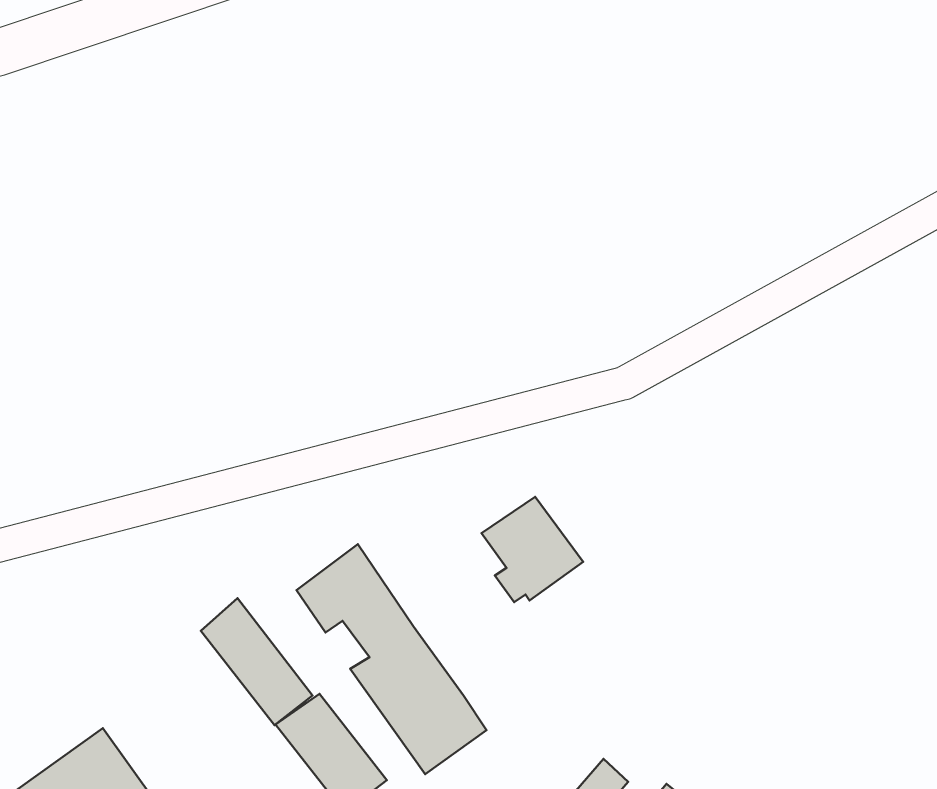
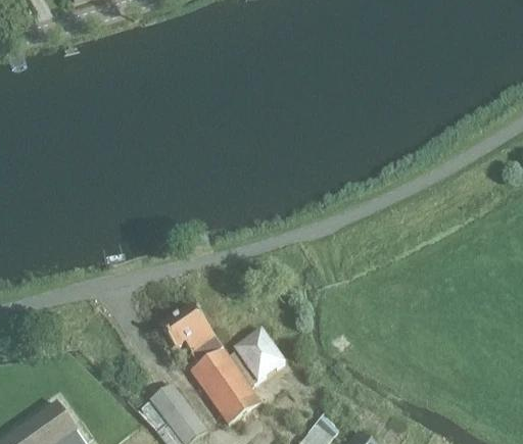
building: [482,497,583,602] -> [232,328,286,384]
building: [201,598,313,725] -> none

